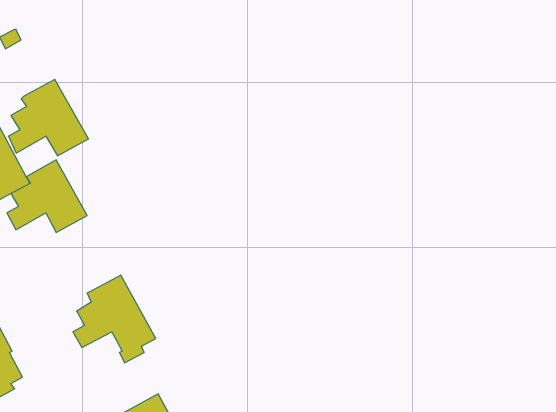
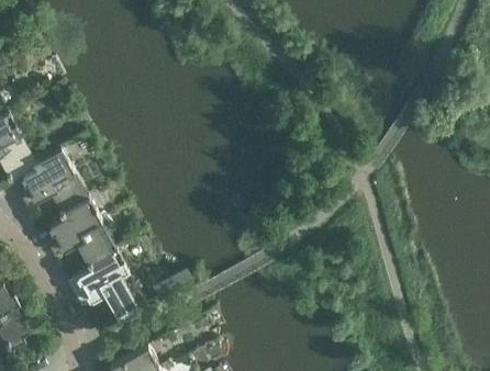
building: [8,79,89,156] -> [46,196,114,261]

